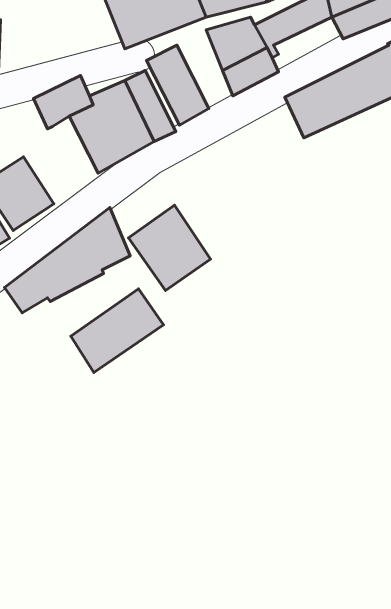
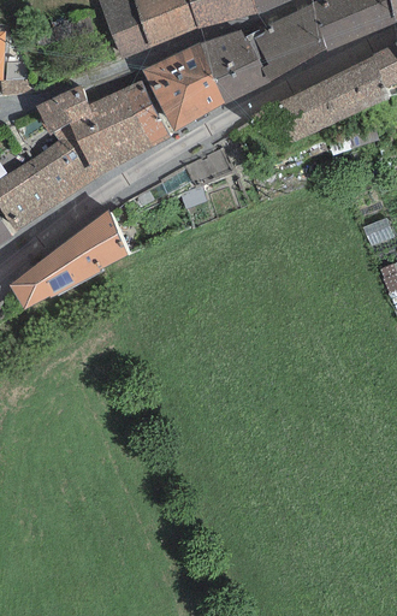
building: none -> [261,29,328,81]
building: none -> [171,41,224,116]
building: none -> [25,123,96,206]
building: [129,205,211,290] -> none
building: [71,289,163,373] -> none

